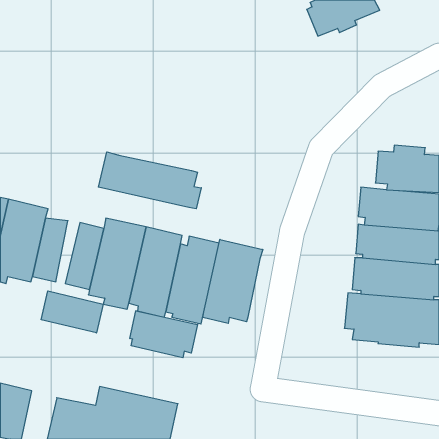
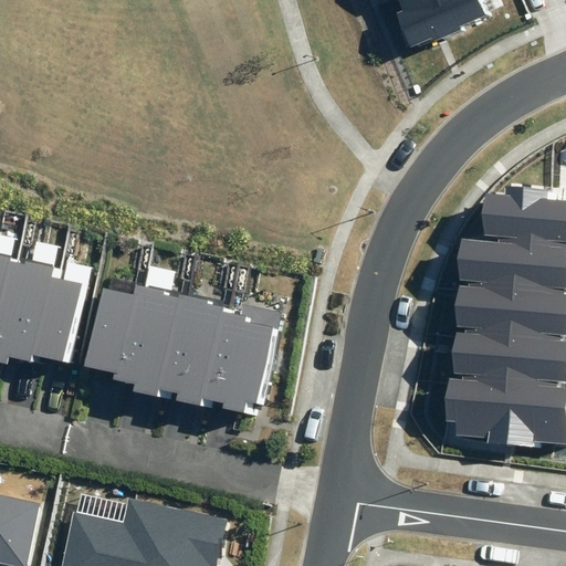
building: [98,152,201,209] -> none
building: [203,239,263,323] -> none
building: [41,291,103,333] -> none
building: [130,311,198,358] -> none

